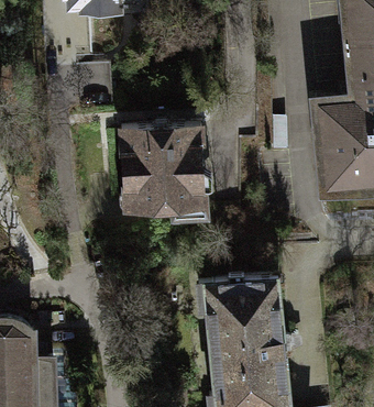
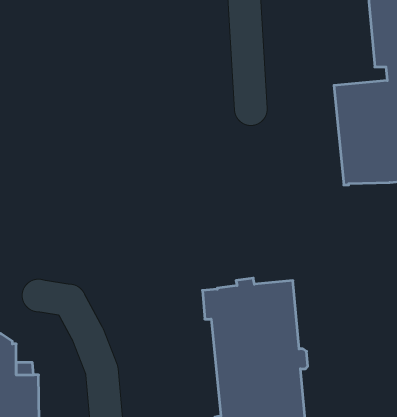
building: [122,121,213,219] -> none

